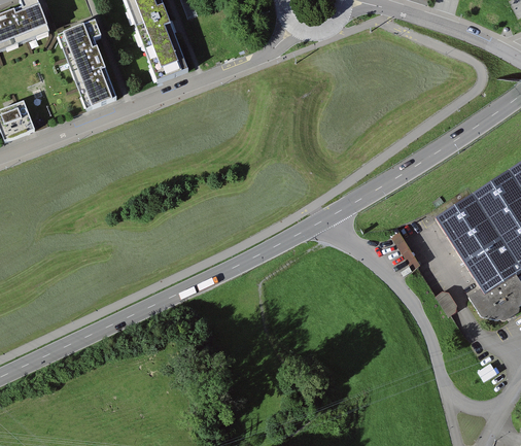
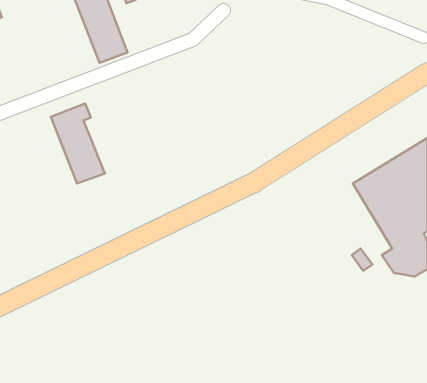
building: [58,20,117,108] -> [51,104,105,184]

